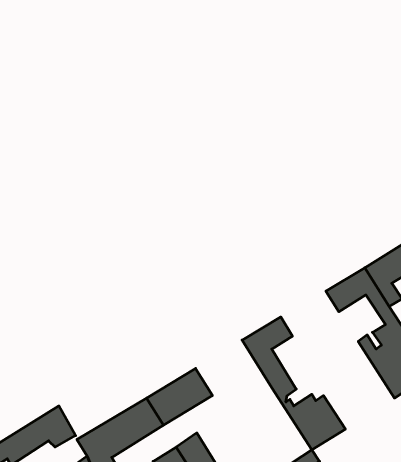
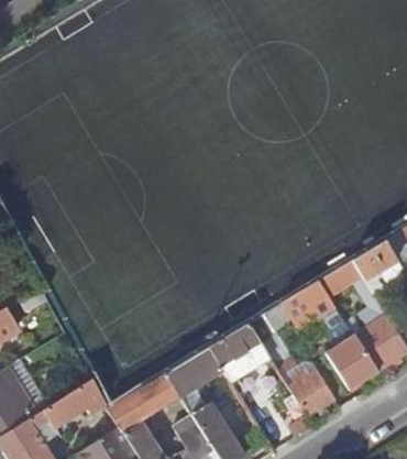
building: none -> [280,281,377,390]
building: none -> [208,323,273,381]

